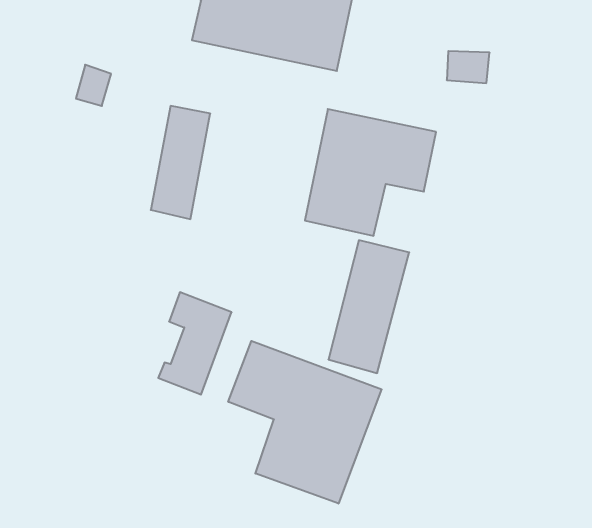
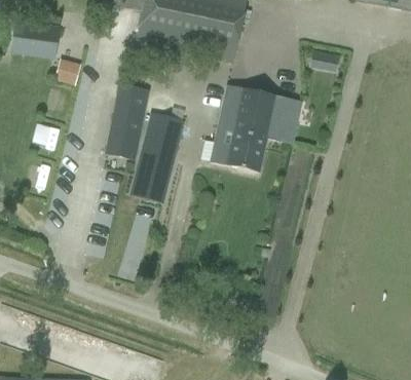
building: none -> [12,20,58,46]
building: [328,240,409,373] -> [129,113,184,202]
building: [228,341,382,504] -> none

